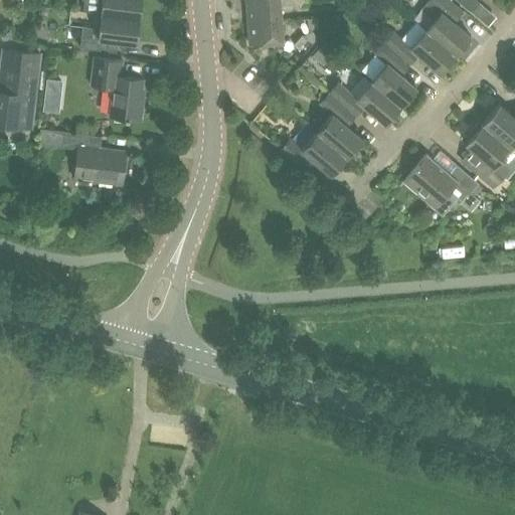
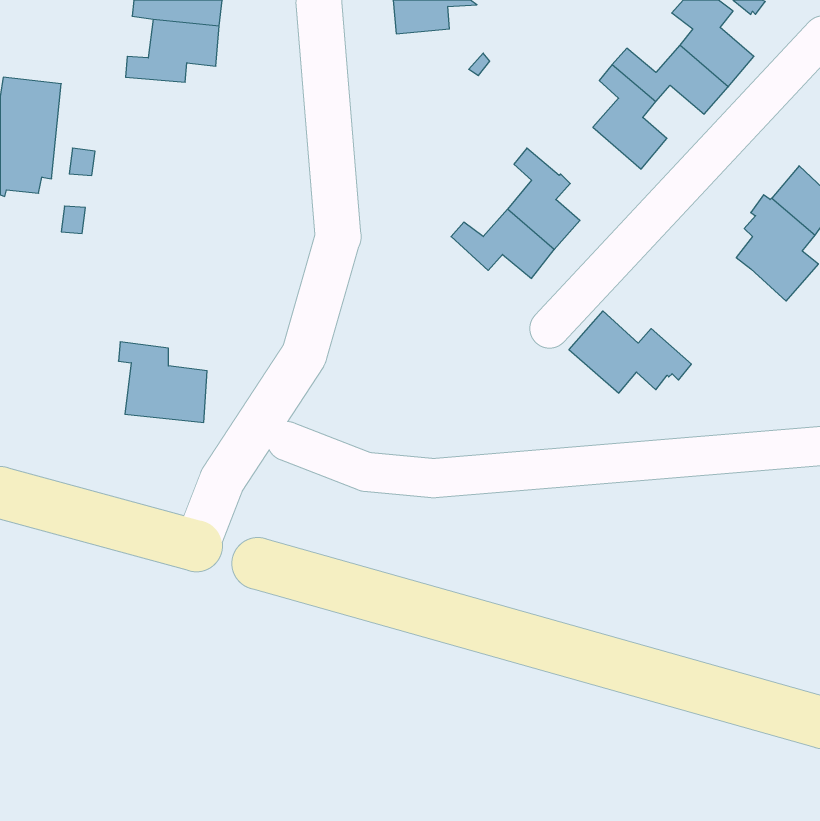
building: [249,19,285,44] -> none
building: [92,57,144,120] -> none
building: [331,80,402,124] -> none
building: [69,133,125,183] -> [118,342,207,422]
building: [406,155,483,206] -> [569,311,691,393]

